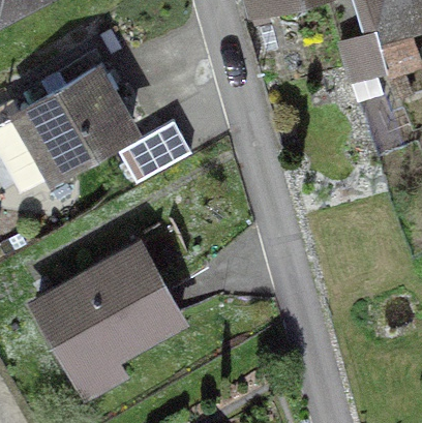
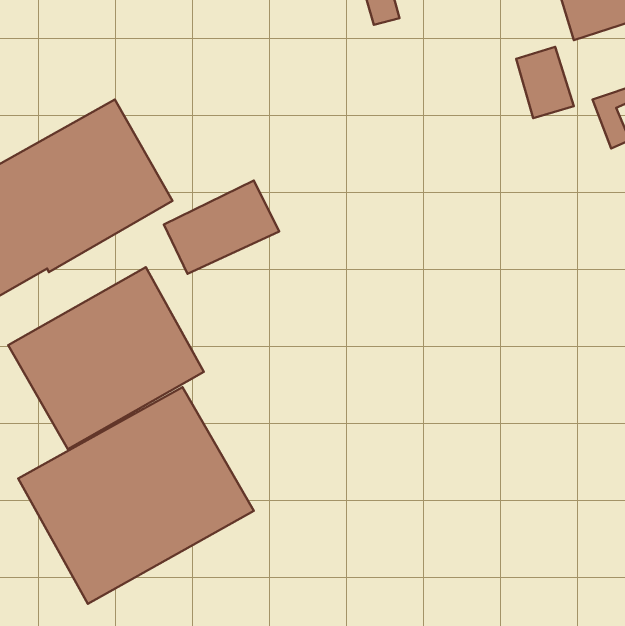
building: none -> [8,267,204,449]

